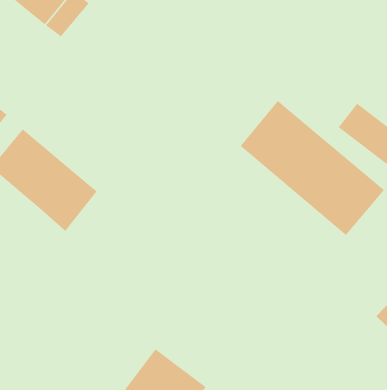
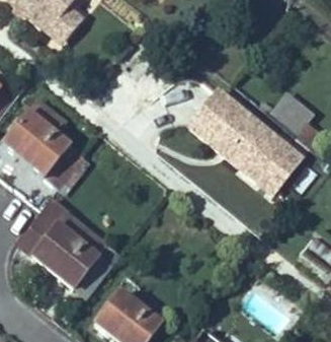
building: none -> [25,195,102,283]

